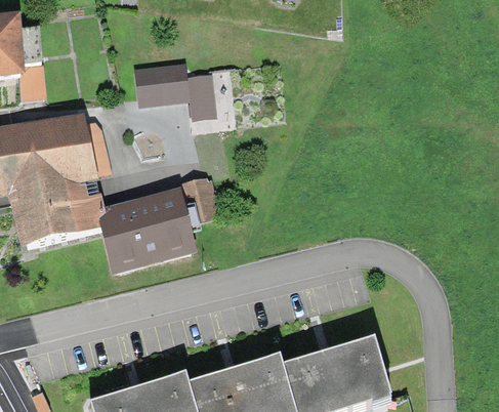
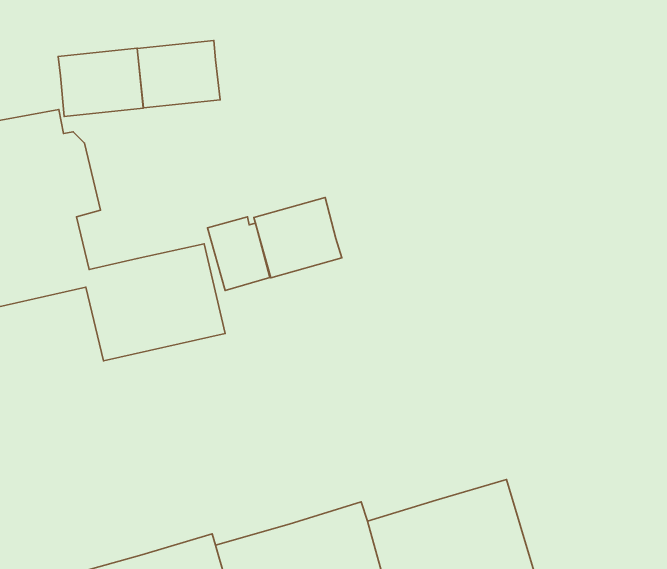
building: none -> [58,48,143,116]
building: [184,75,215,121] -> none
building: none -> [254,197,342,278]

